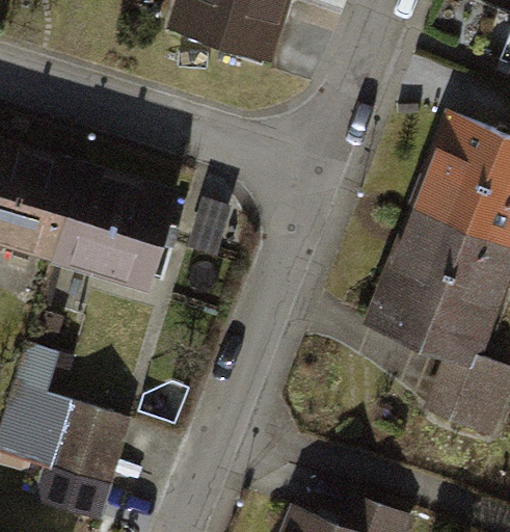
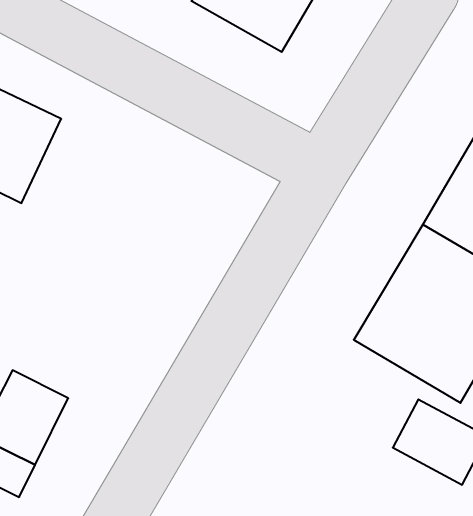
building: [53,167,175,278] -> none

